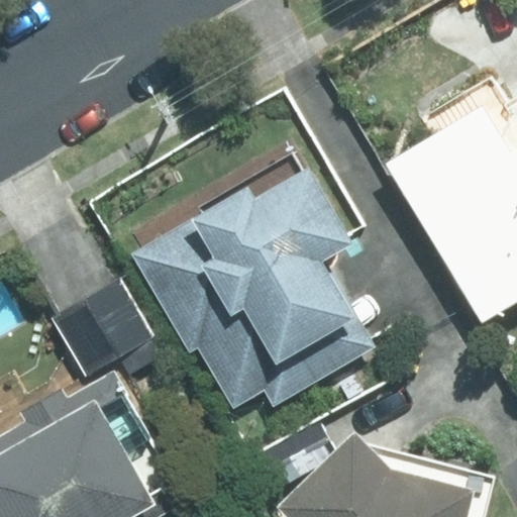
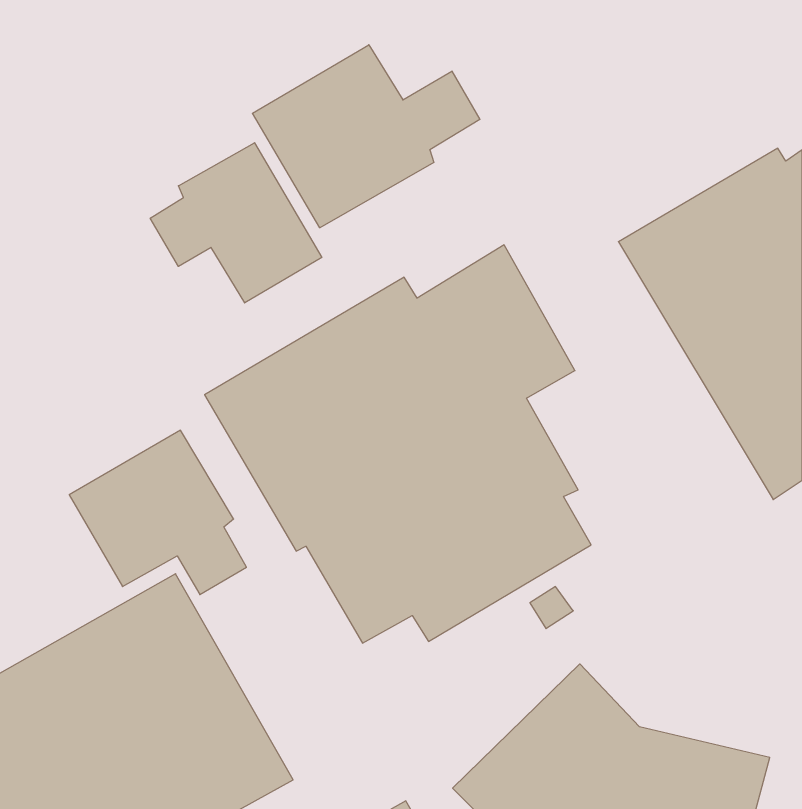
building: none -> [252,45,480,228]
building: none -> [150,143,322,303]

